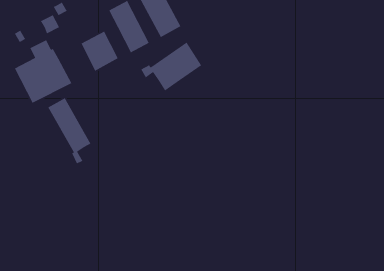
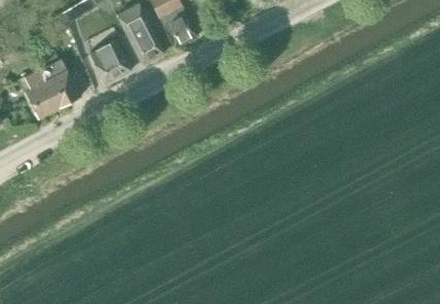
building: [140,42,202,92] -> none
building: [47,97,92,164] -> none

